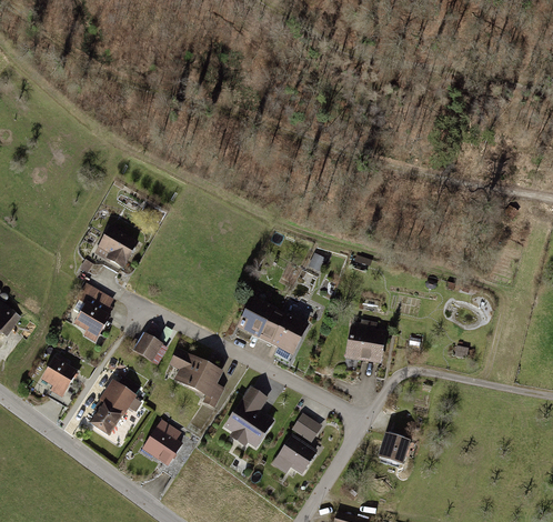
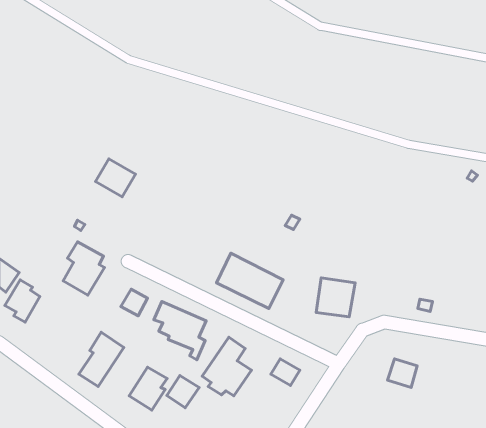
building: [93,228,137,269] -> [96,159,136,197]
building: [39,354,77,400] -> [5,280,40,322]
building: none -> [167,376,199,408]
building: [276,434,321,476] -> none
building: [375,434,408,465] -> [387,359,417,387]

